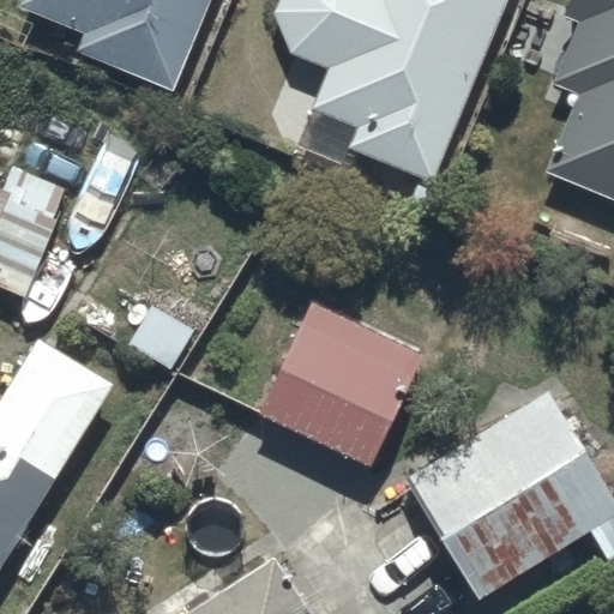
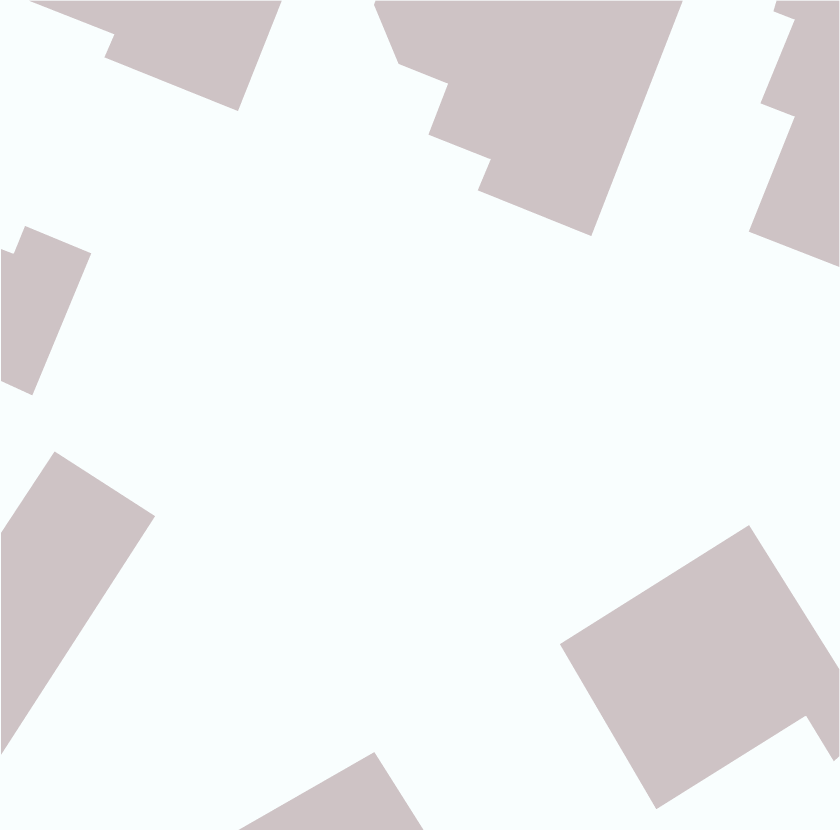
building: [259,299,420,459] -> none

